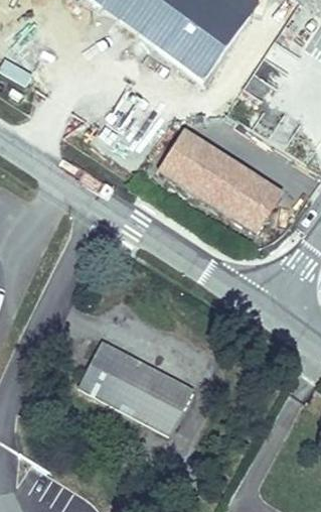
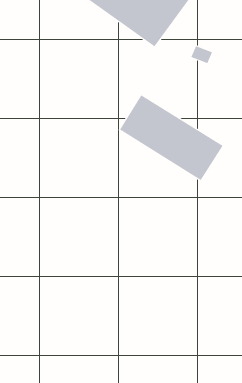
building: [79,340,192,432] -> none

